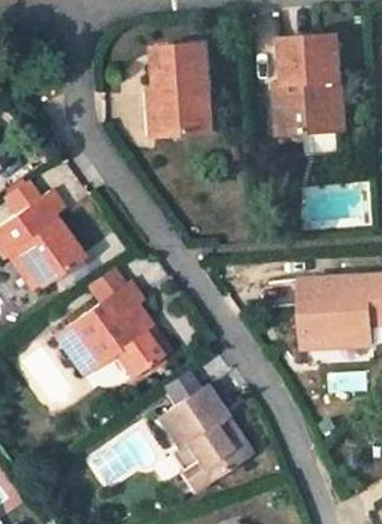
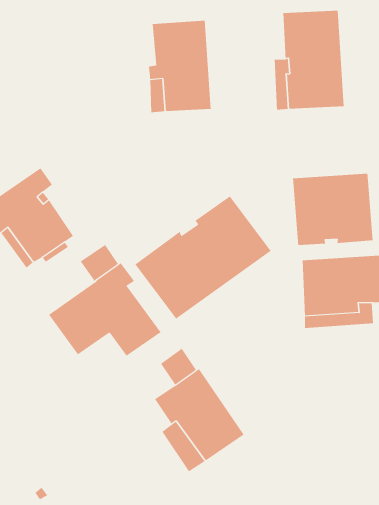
building: none -> [292,173,373,246]
building: none -> [135,196,271,320]

